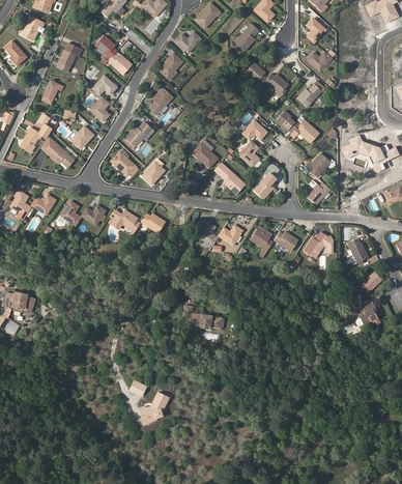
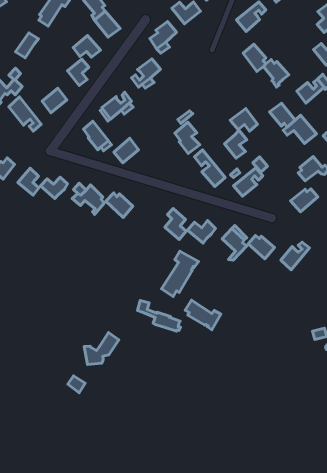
building: none -> [161,251,198,296]
building: none -> [185,300,221,330]
building: [139,392,169,423] -> [84,333,119,364]

